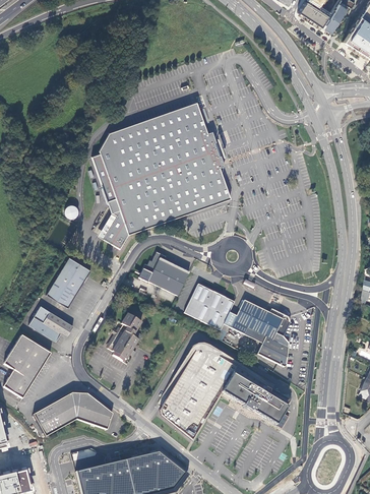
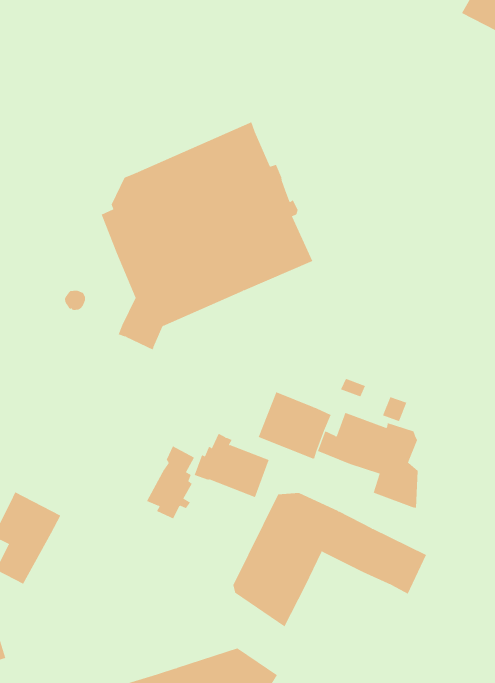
building: [139,251,190,296] -> [194,433,269,498]
building: [47,257,91,308] -> none
building: [27,305,73,339] -> none
building: [34,392,112,435] -> none

